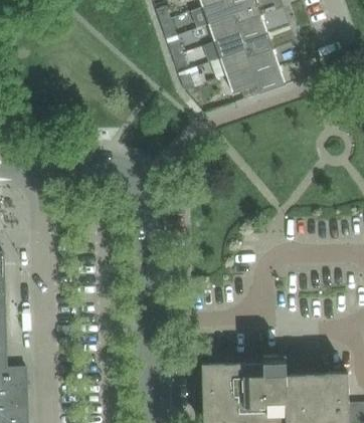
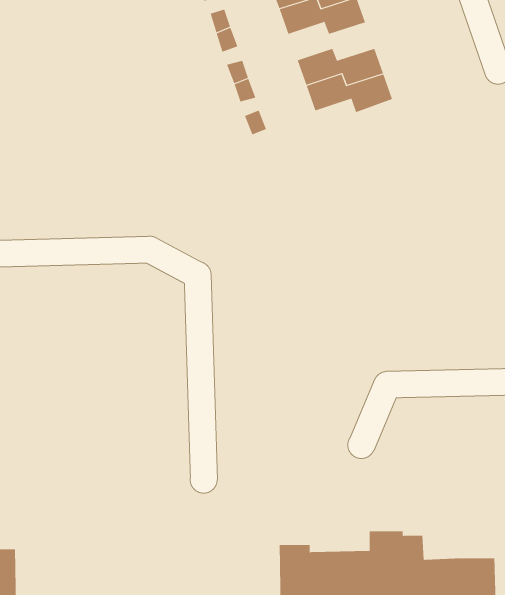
building: [207,16,265,41] -> none
building: [225,67,284,99] -> none

